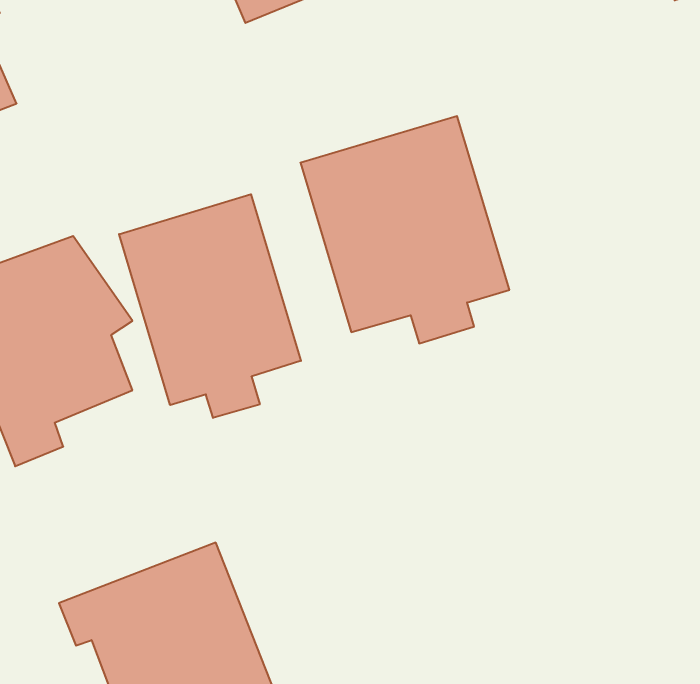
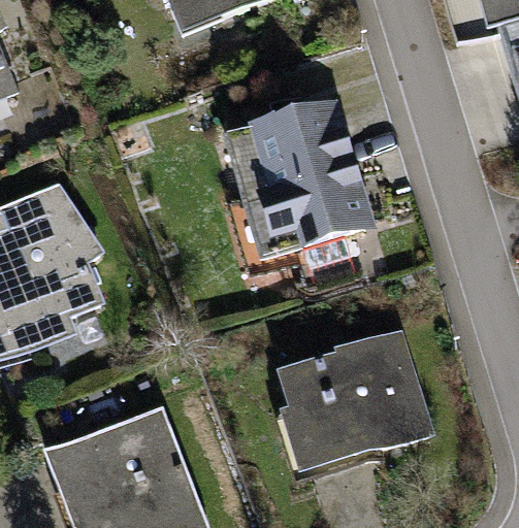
building: [119,194,301,418] -> none
building: none -> [277,327,435,474]

